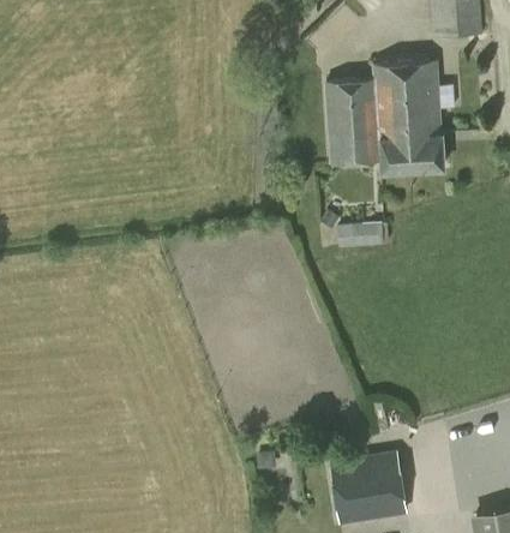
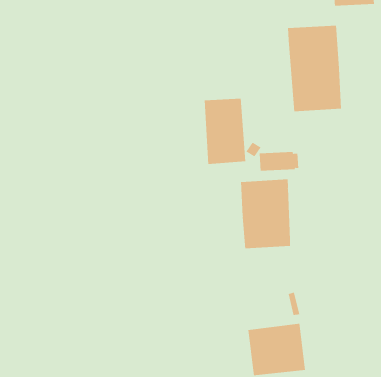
building: [329,80,383,164] -> [204,98,246,164]
building: none -> [240,179,291,249]

